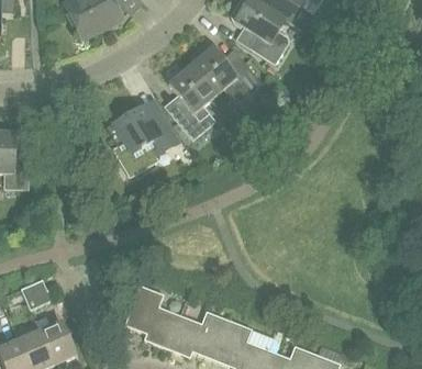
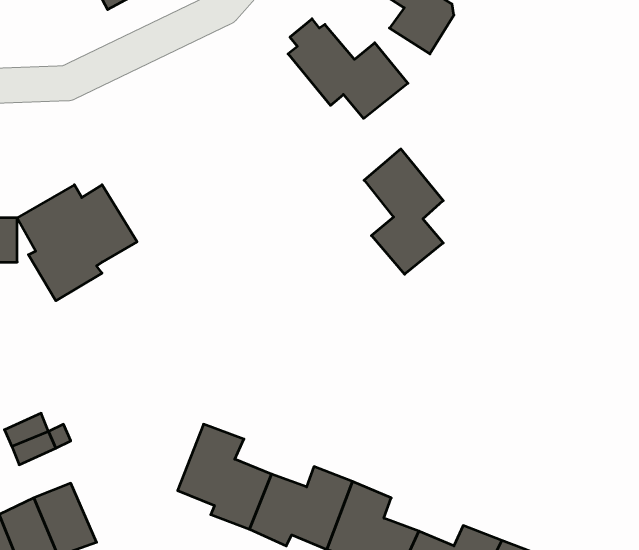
building: [168,65,215,139] -> [364,149,443,274]
building: [107,108,178,177] -> [17,185,137,301]

